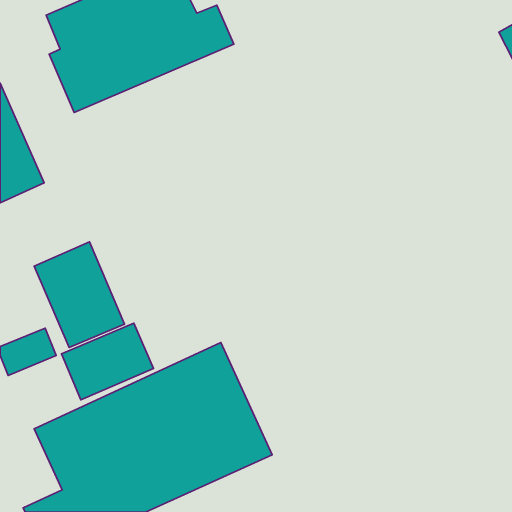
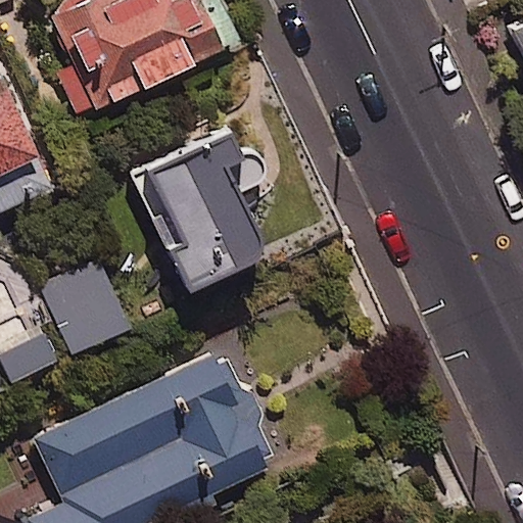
building: none -> [131,131,265,291]
building: [62,323,154,400] -> none

